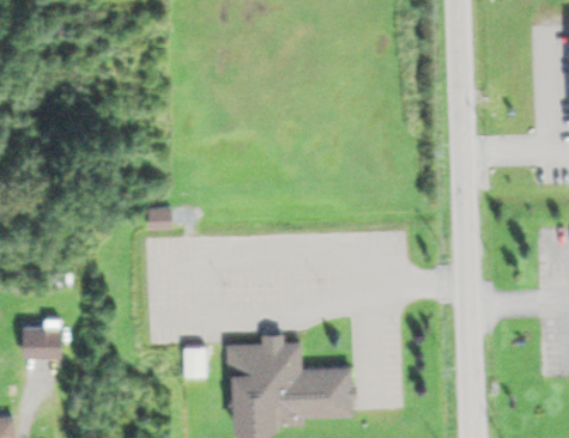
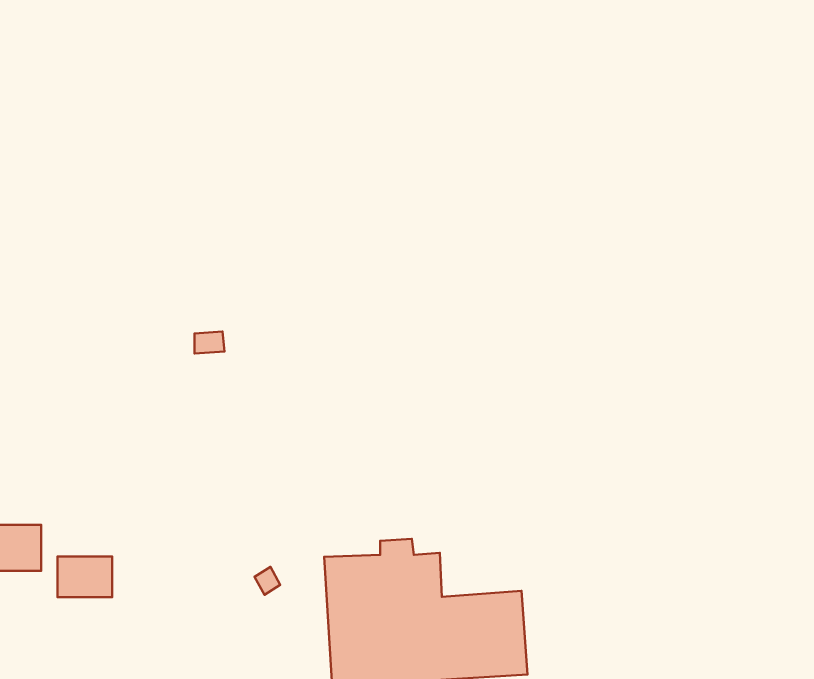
building: none -> [58,556,112,597]

